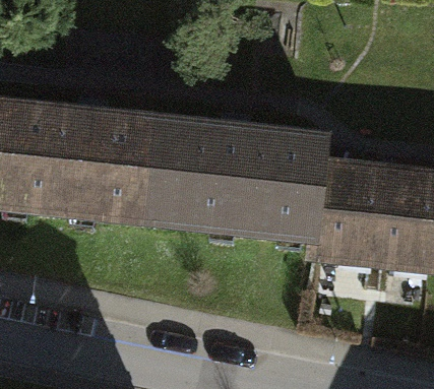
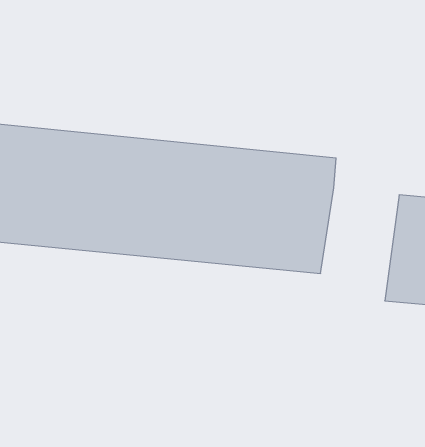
building: [307,164,377,260] -> none

